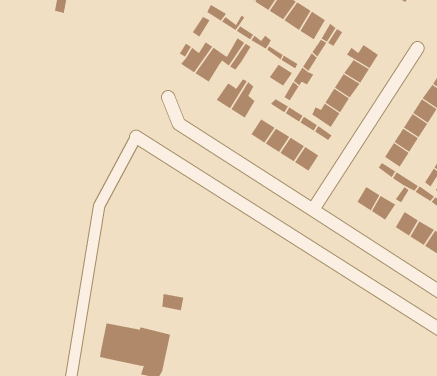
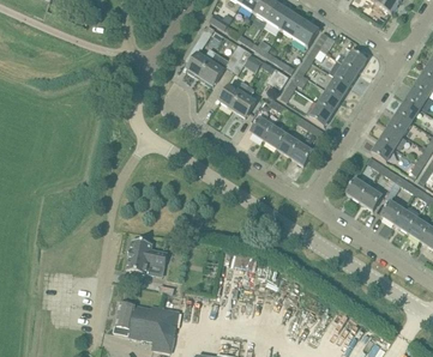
building: none -> [126,238,168,273]

